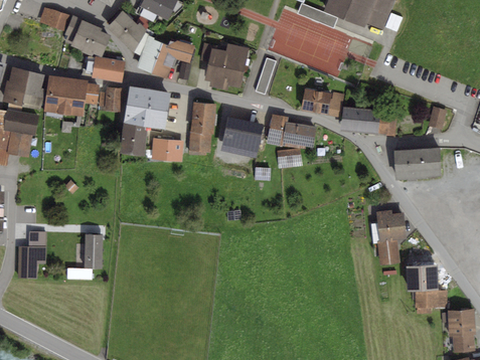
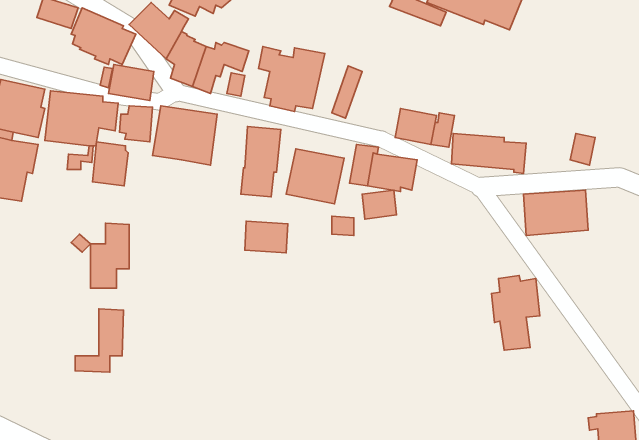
building: [121,122,147,154] -> [92,142,128,186]
building: [152,137,183,160] -> [245,221,288,253]
building: [18,230,46,278] -> [90,223,129,288]
building: [406,264,448,314] -> none

